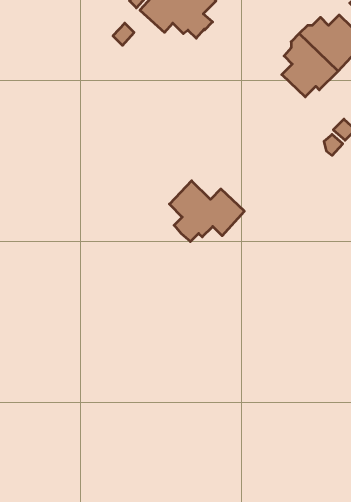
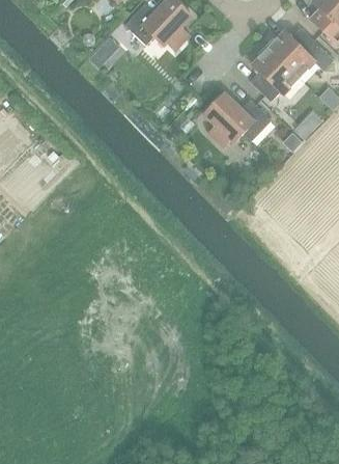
building: [169,181,244,242] -> [204,92,271,146]

